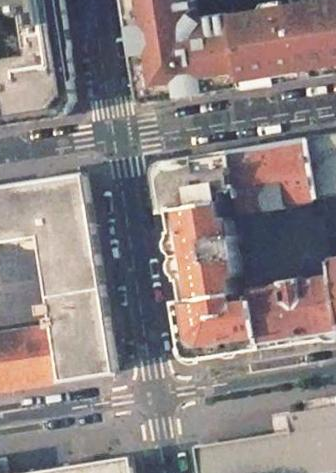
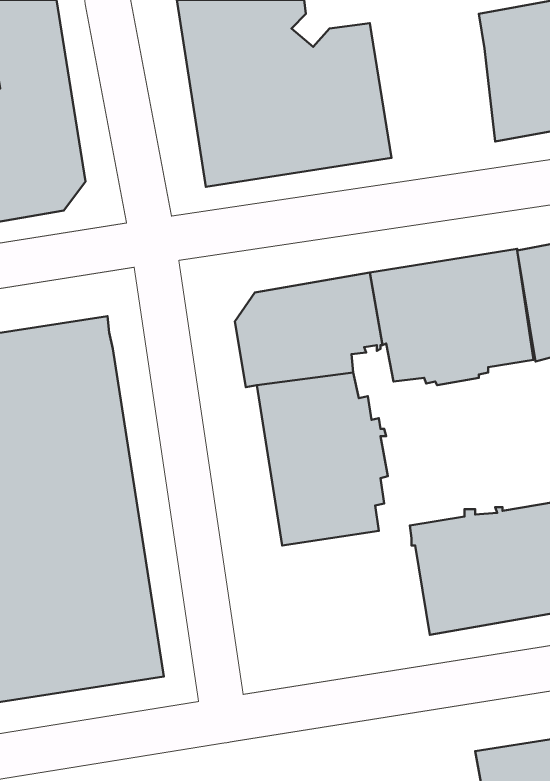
building: [226,8,294,87] -> none
building: [171,292,258,358] -> none

